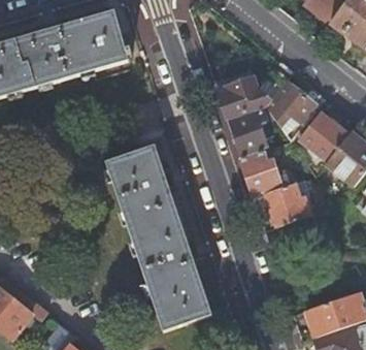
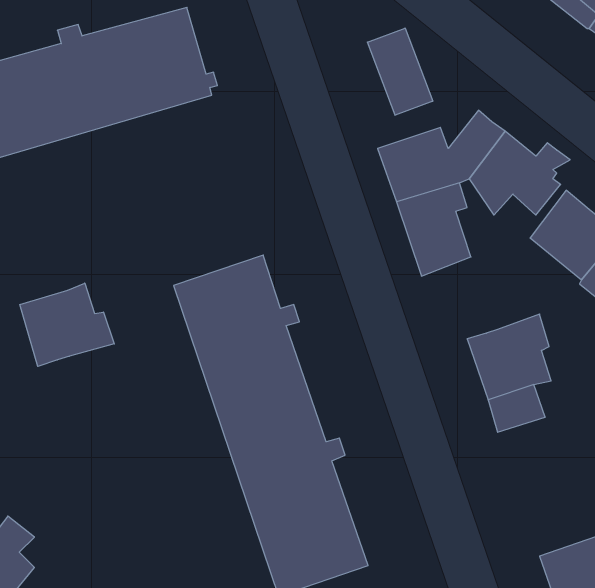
building: none -> [367,28,433,115]
building: [239,147,280,195] -> none
building: none -> [20,283,114,366]

